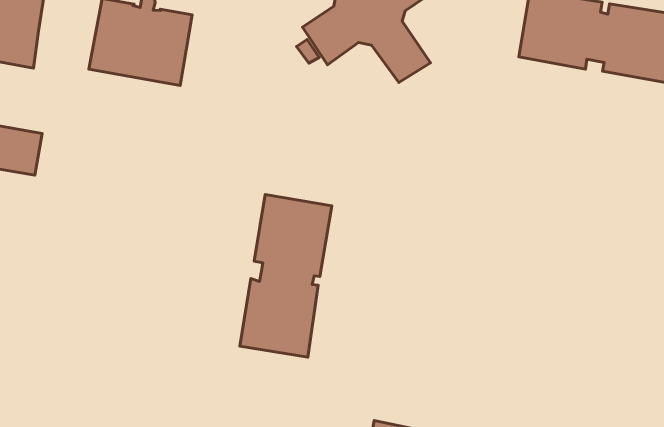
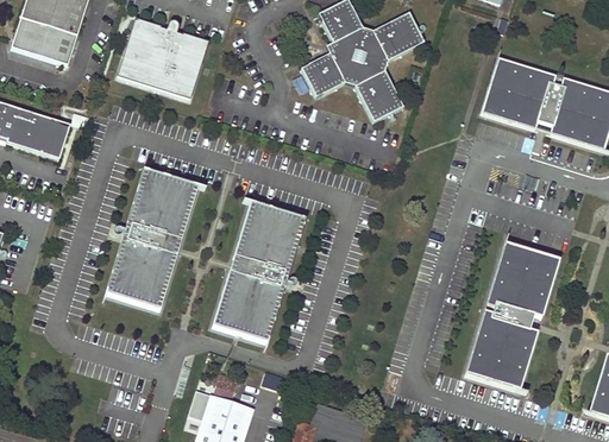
building: none -> [107,168,200,309]
building: none -> [464,242,559,391]

